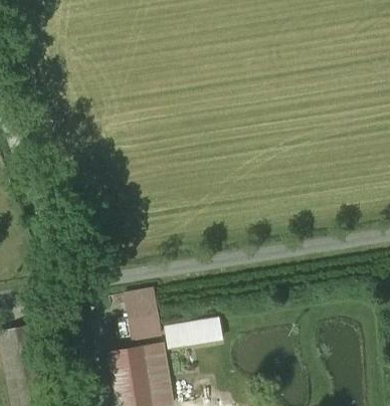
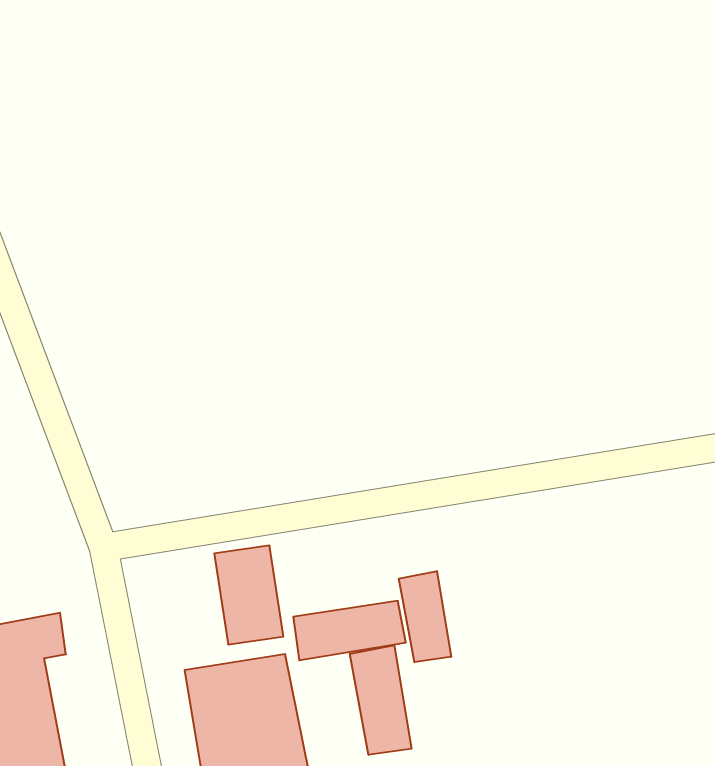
building: none -> [399,571,451,662]
building: none -> [350,645,411,755]

